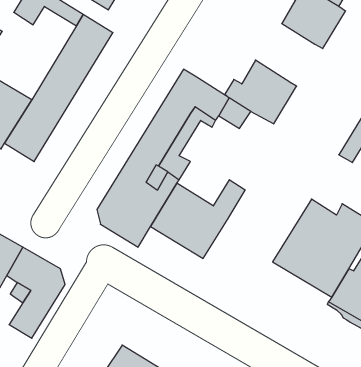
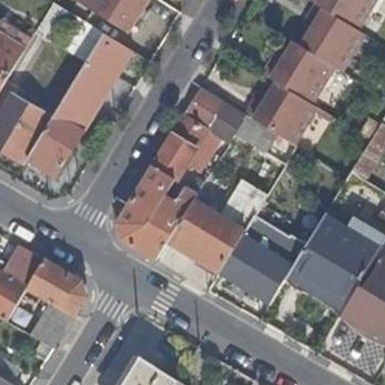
building: none -> [259,39,328,101]
building: none -> [220,233,305,294]

